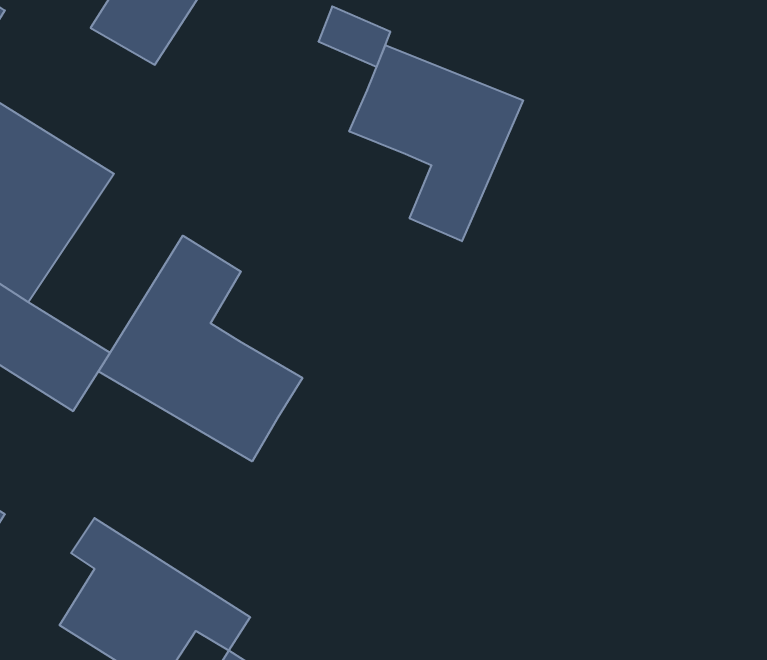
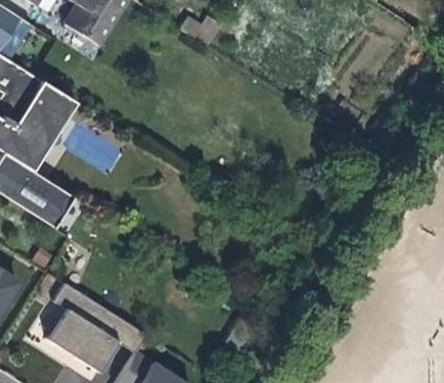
building: [349,45,523,241] -> none
building: [98,236,302,461] -> none

